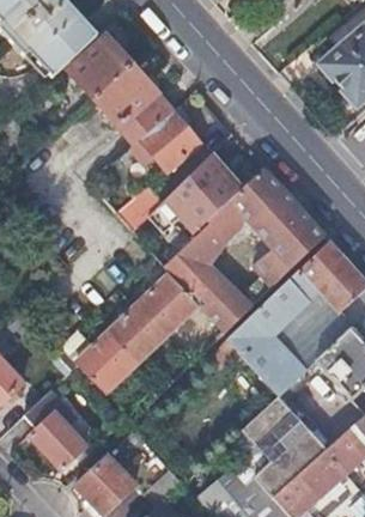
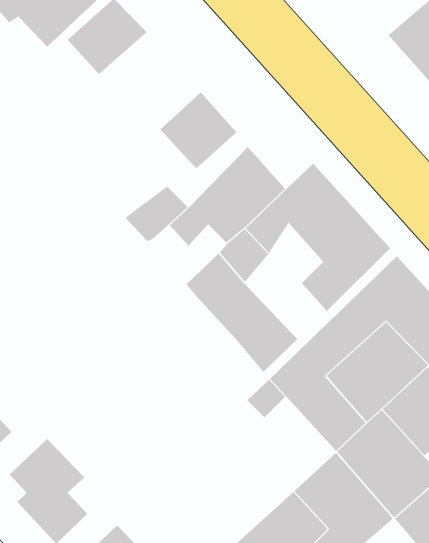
building: [93,65,174,146] -> none
building: [77,270,197,390] -> none

